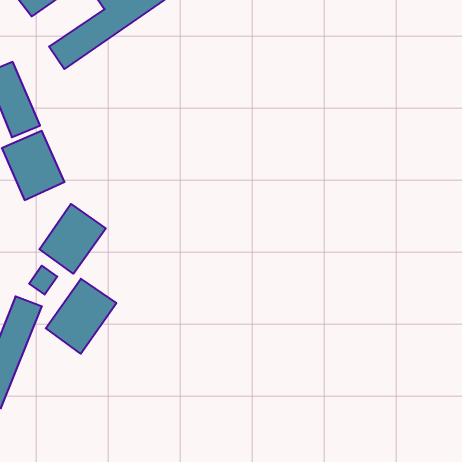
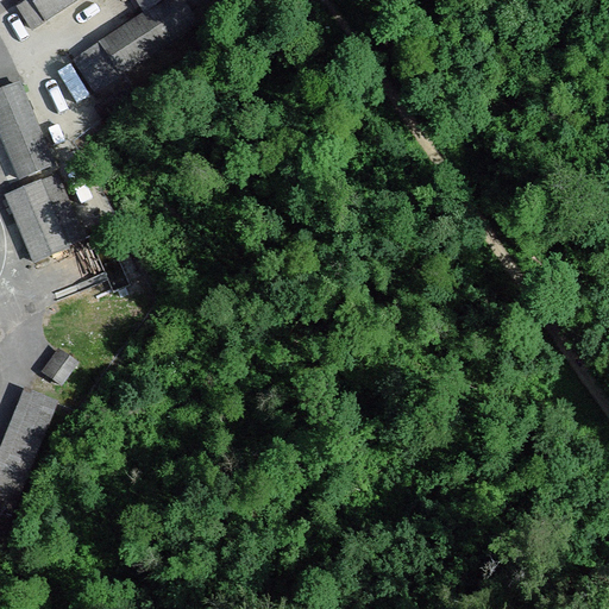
building: [39,204,106,274] -> none
building: [46,279,116,354] -> none

